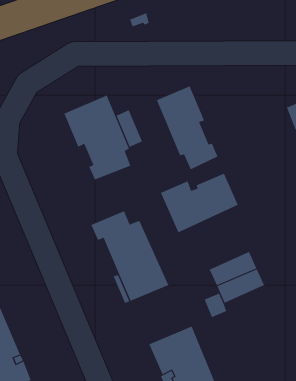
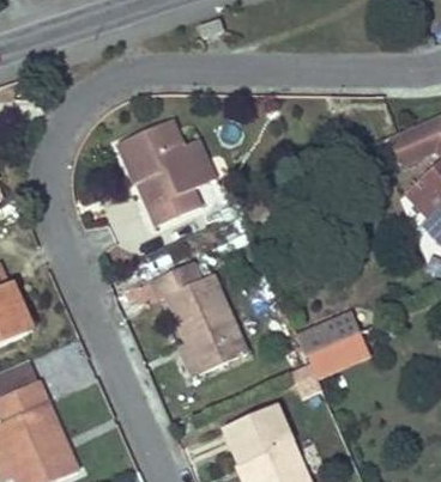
building: [156,85,218,170] -> none
building: [160,173,239,233] -> none

